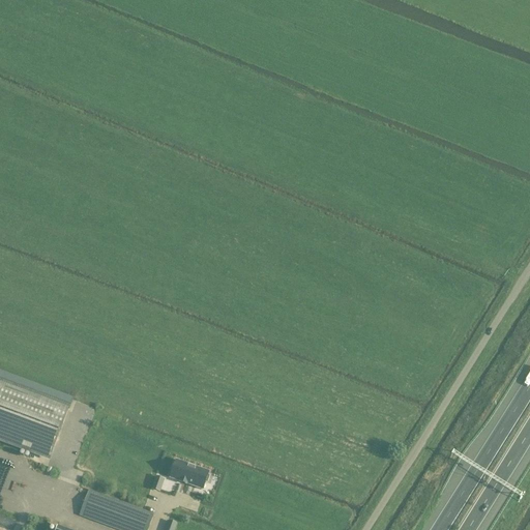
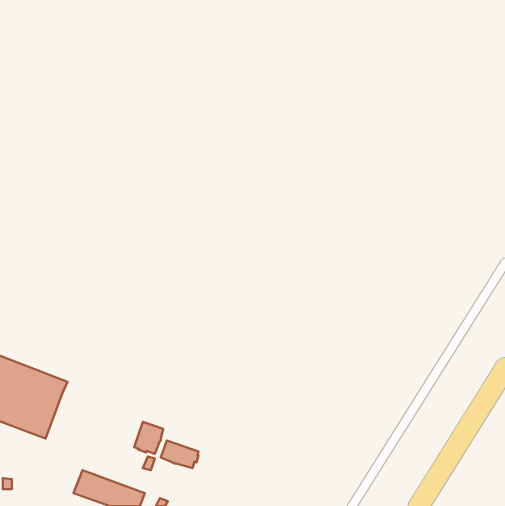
building: none -> [134,422,163,454]

